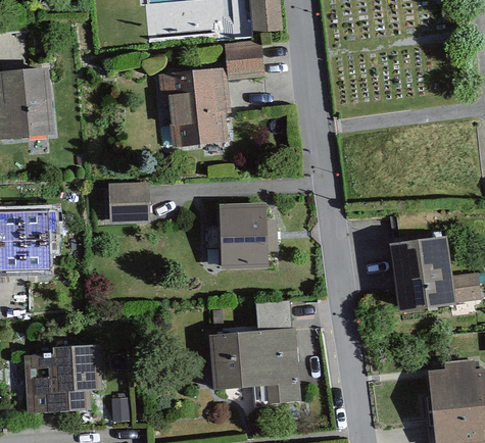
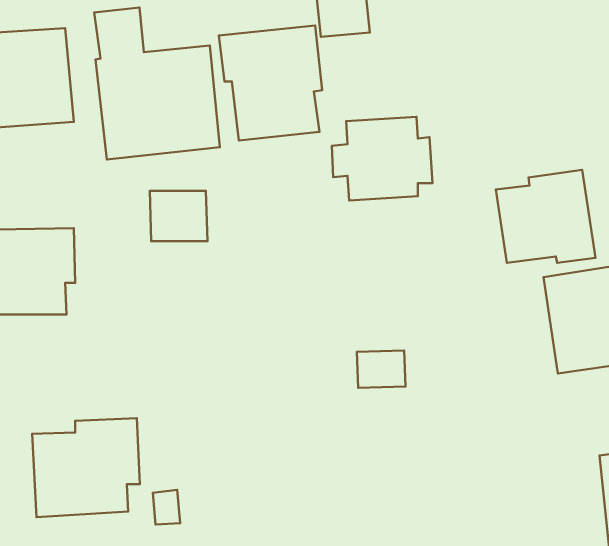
building: none -> [94,7,220,159]
building: none -> [496,170,595,263]
building: [208,208,280,267] -> [332,117,432,200]
building: [206,327,300,404] -> none

